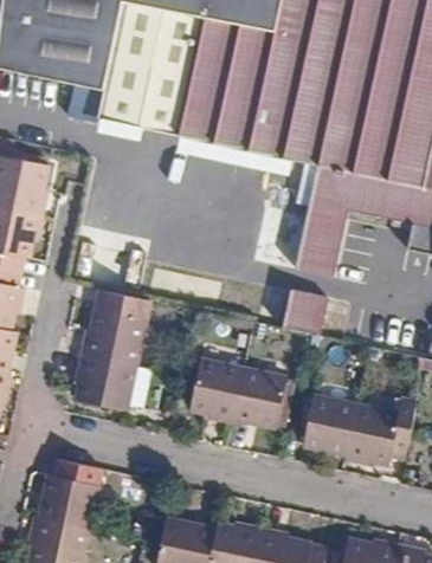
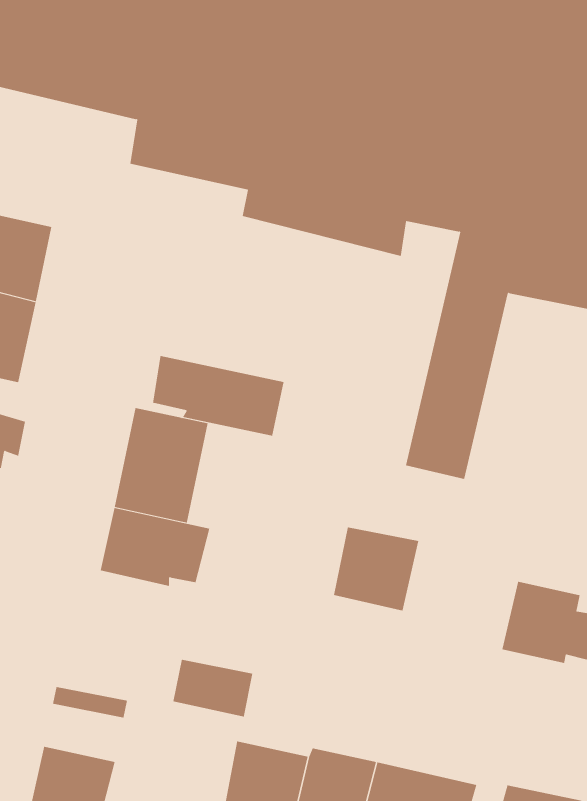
building: none -> [152,355,284,437]
building: [183,357,239,413] -> none
building: [298,393,354,449] -> none
building: [34,486,89,525] -> [172,659,253,717]

